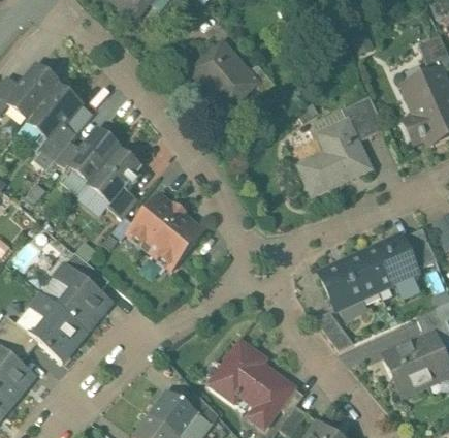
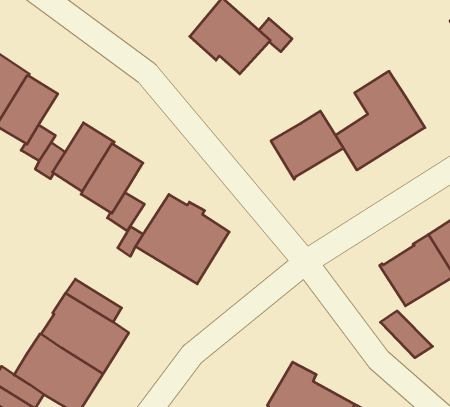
building: [342,96,385,142] -> none
building: none -> [271,111,343,179]

